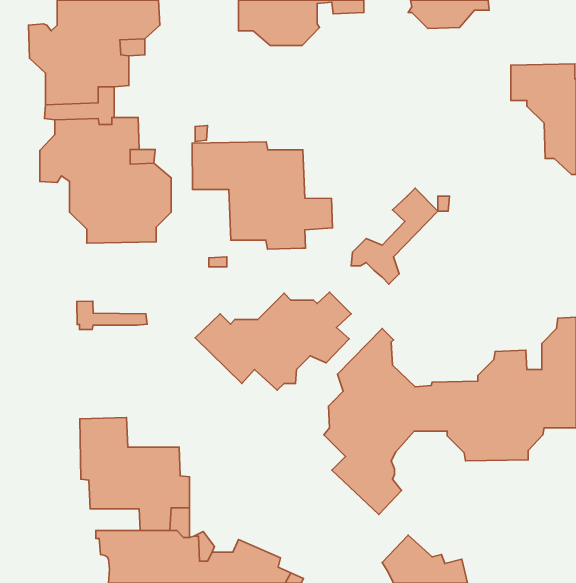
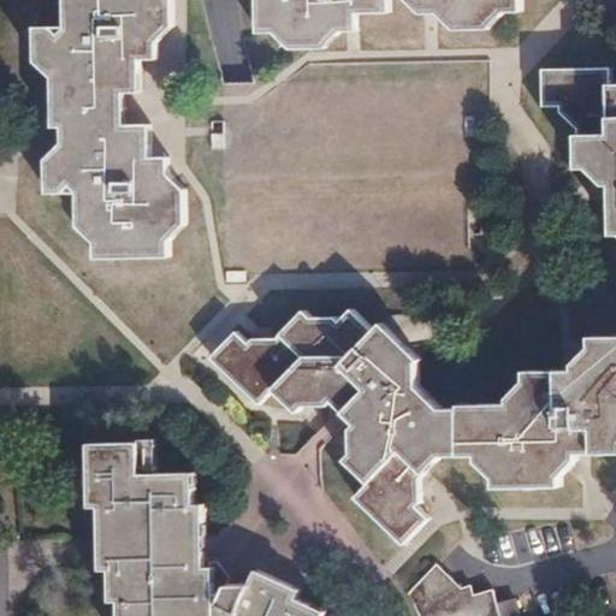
building: [192,142,333,249] -> none
building: [351,188,438,284] -> [312,322,403,424]
building: [77,301,147,330] -> none
building: none -> [95,537,148,568]

